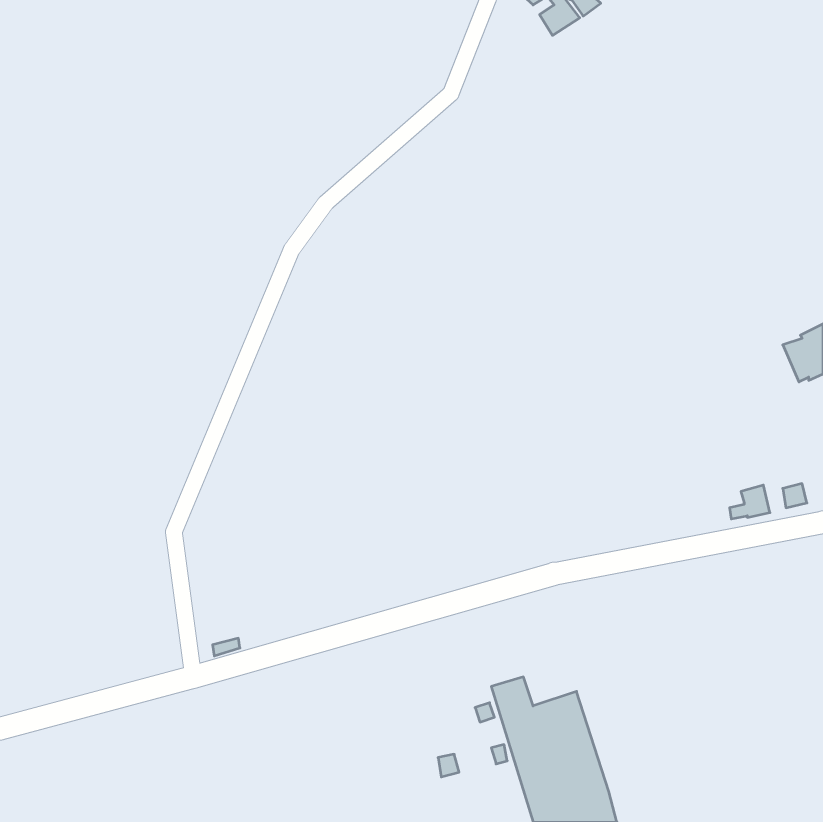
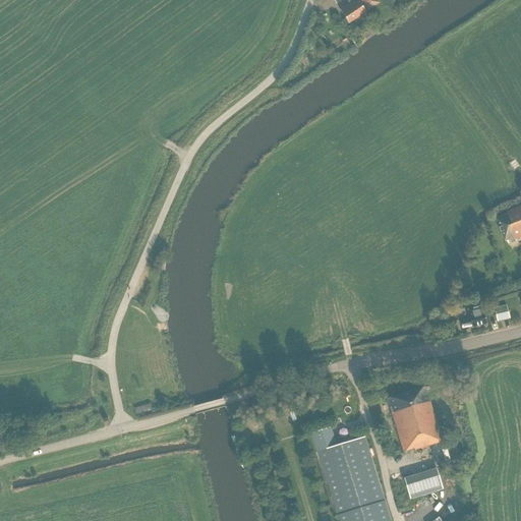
building: none -> [387,387,442,451]
building: none -> [404,468,443,499]

